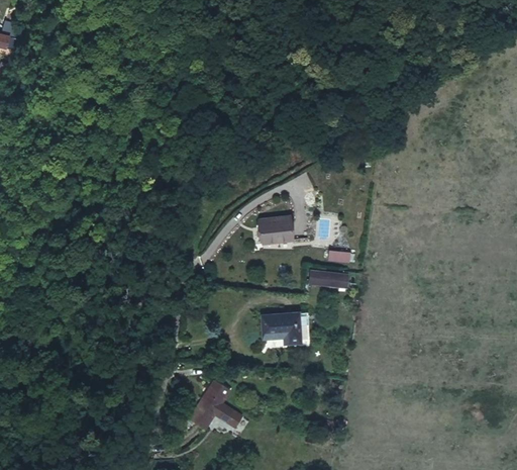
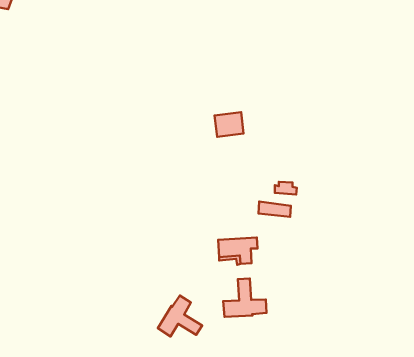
building: [257,215,292,245] -> [215,112,244,137]
building: none -> [223,278,267,317]

